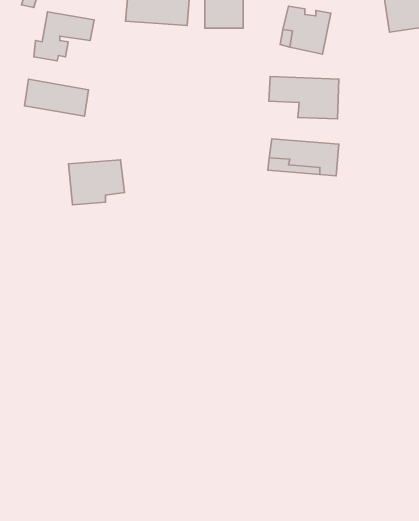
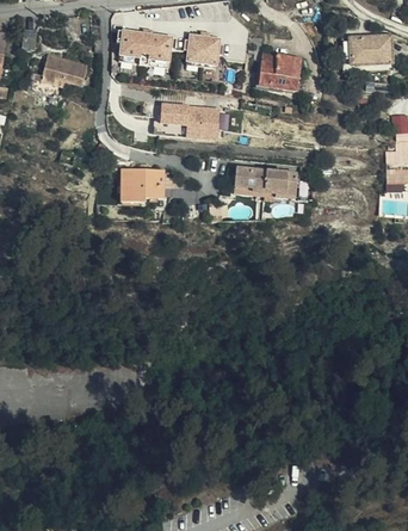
building: [269,76,339,119] -> [159,104,220,141]
building: [24,79,89,116] -> none
building: [68,160,125,205] -> [130,167,179,206]

